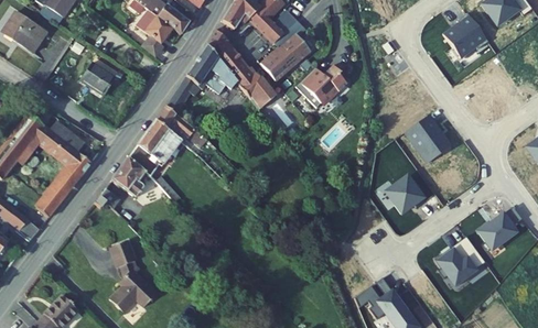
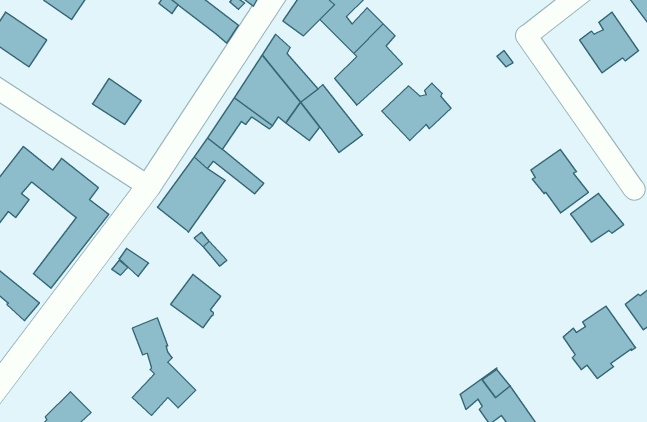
building: [136,10,172,57] -> none
building: [111,157,149,197] -> [171,274,221,328]
building: [385,176,424,212] -> [571,193,624,242]

